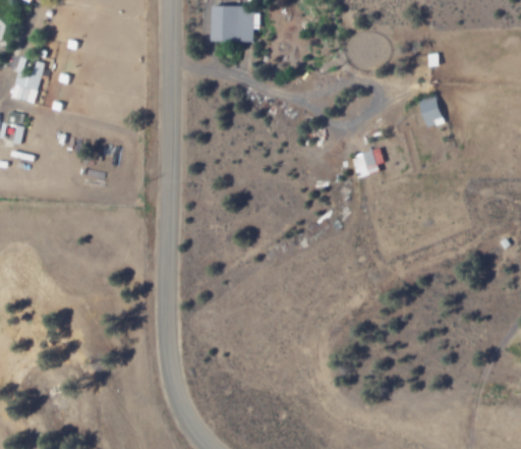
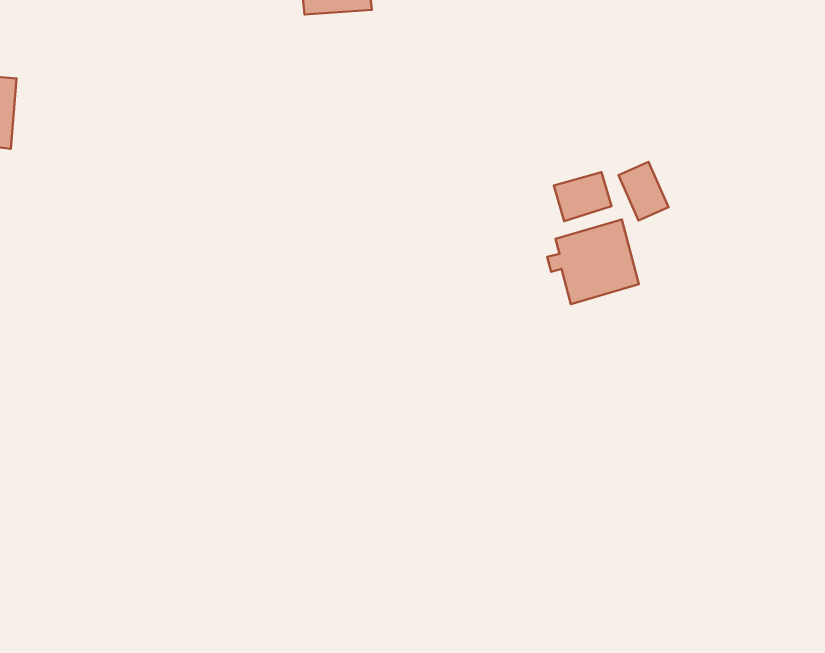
building: [417,95,445,128] -> [619,162,669,220]
building: none -> [547,220,639,304]

